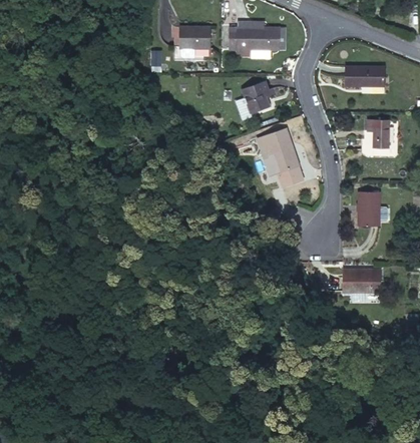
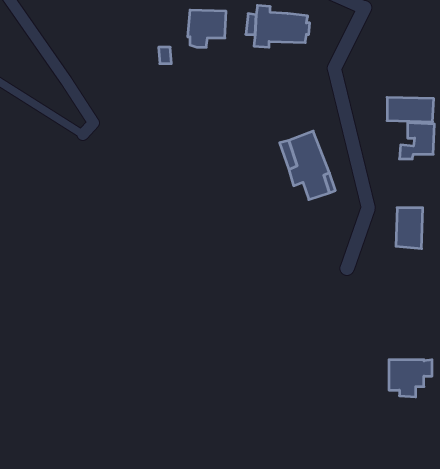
building: [346,65,386,86] -> [387,97,434,122]
building: [244,77,271,108] -> none
building: [343,270,380,302] -> [389,360,432,397]

